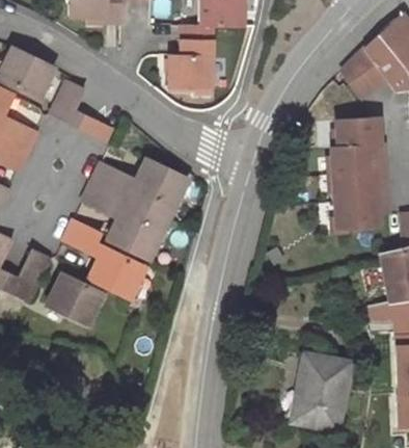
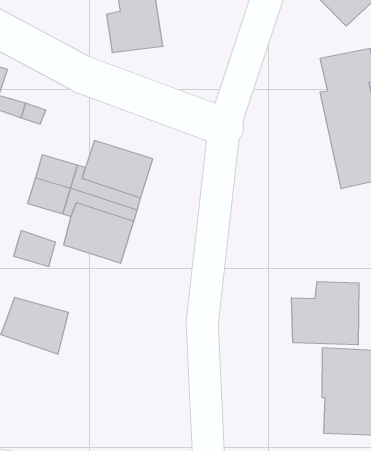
building: [90,245,147,296] -> none
building: none -> [292,281,359,345]

